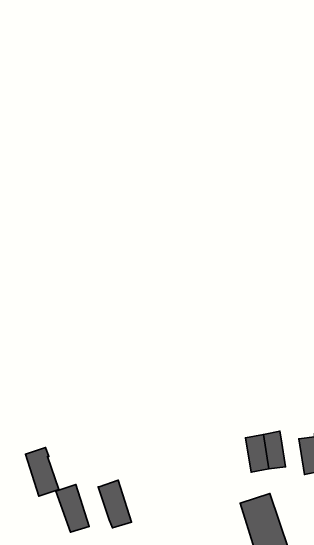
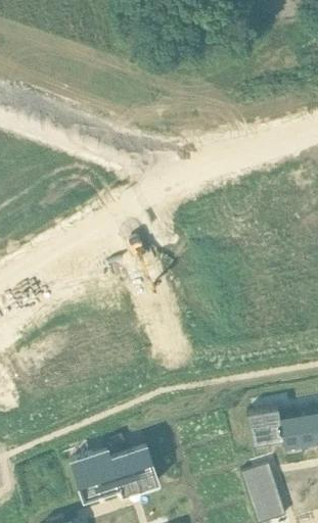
building: none -> [279,412,301,450]
building: [25,447,59,496] -> [90,450,121,495]
building: none -> [129,446,160,491]

